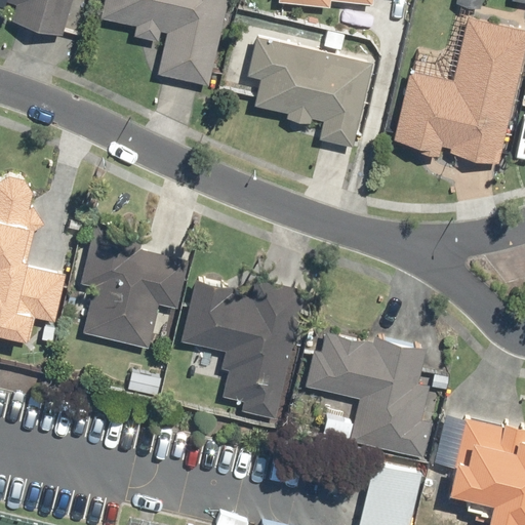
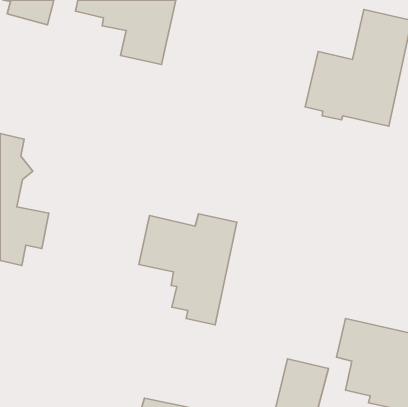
building: [247,37,373,149] -> none
building: [79,225,190,350] -> none
building: [304,330,433,458] -> none

